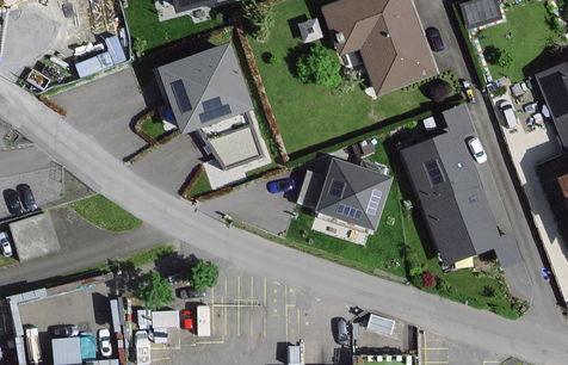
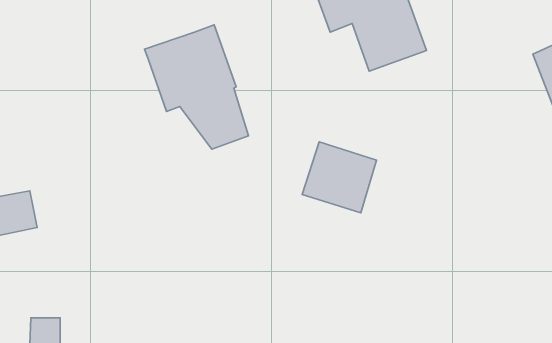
building: [403,131,499,260] -> none

